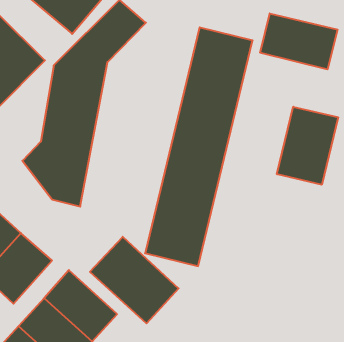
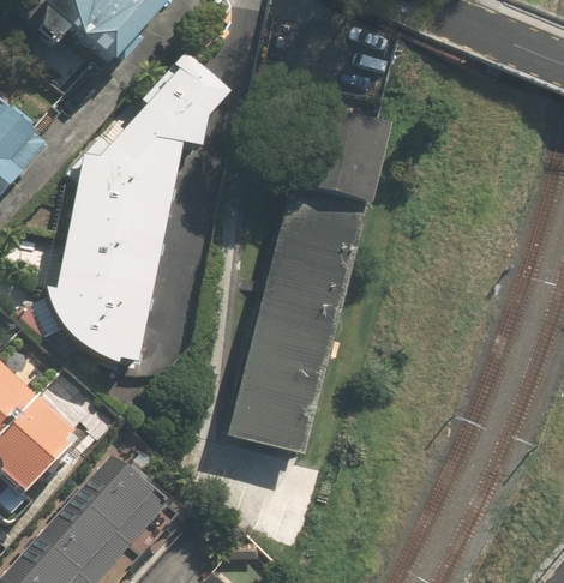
building: [260,13,338,69] -> none
building: [277,107,338,185] -> none
building: [90,237,179,323] -> none

